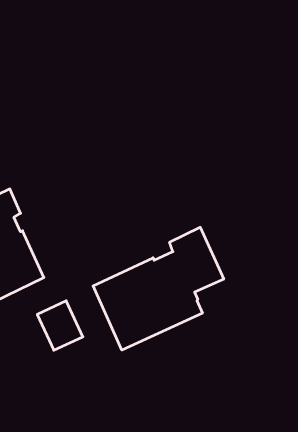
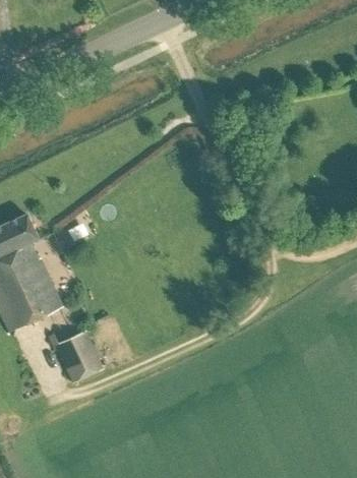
building: [93,227,224,350] -> none

